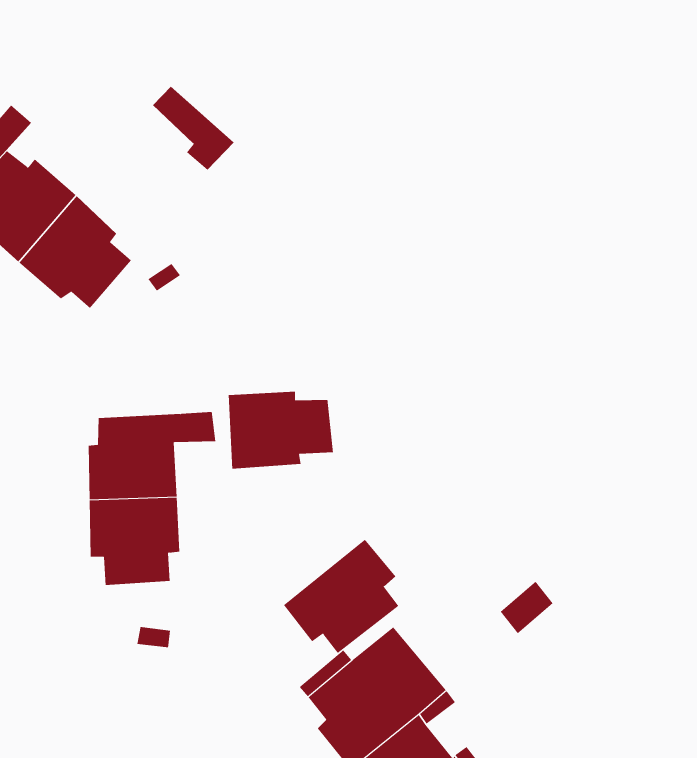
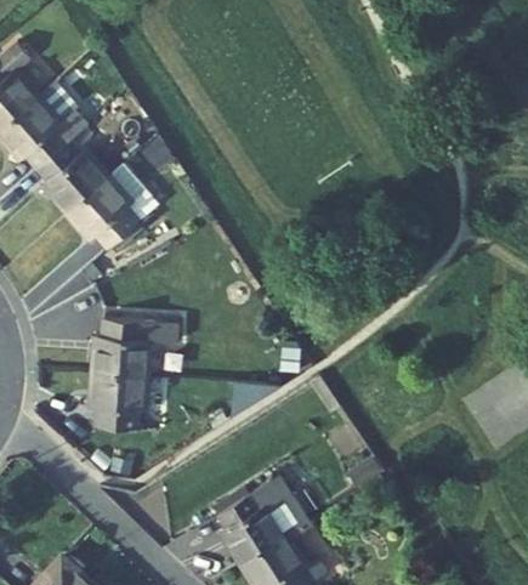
building: [152,86,234,170] -> [109,163,159,220]
building: [228,391,333,469] -> none
building: [283,539,399,654] -> none

